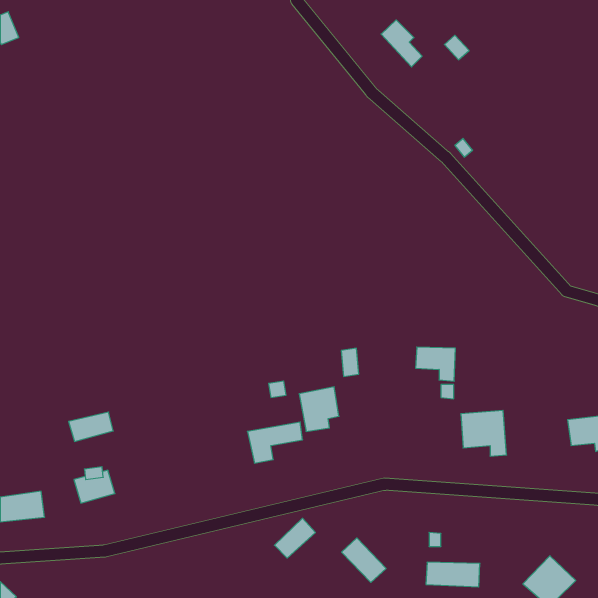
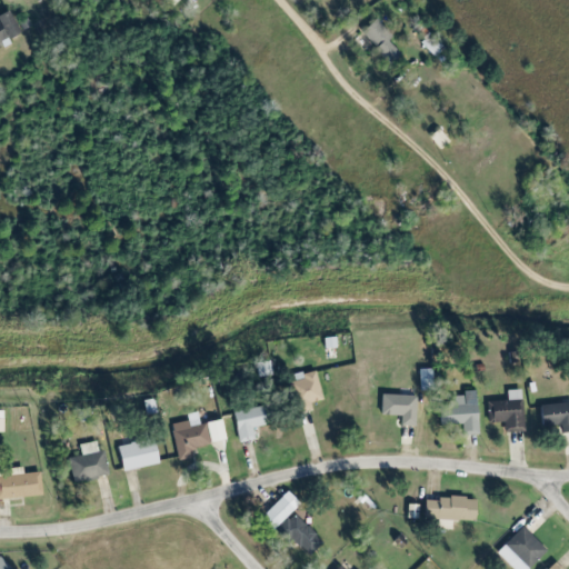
building: [416,347,455,381] -> [381,392,419,425]
building: [69,412,113,441] -> [120,442,162,470]
building: none -> [489,396,525,427]
building: none -> [169,410,230,461]
building: [342,538,386,582] -> [281,516,323,558]
building: [426,562,480,587] -> [425,499,476,522]

